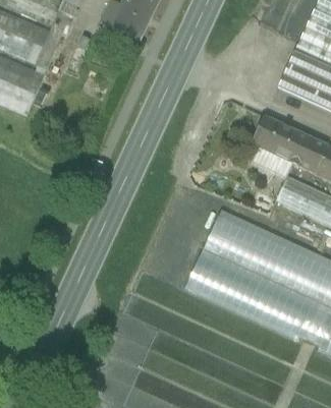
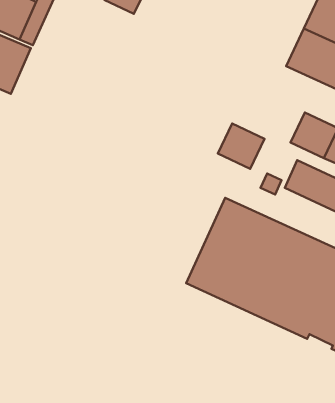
building: [252,116,294,158] -> [218,123,264,169]

